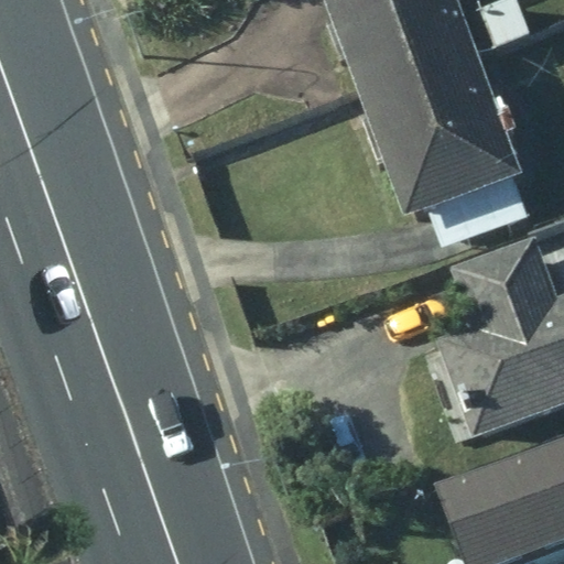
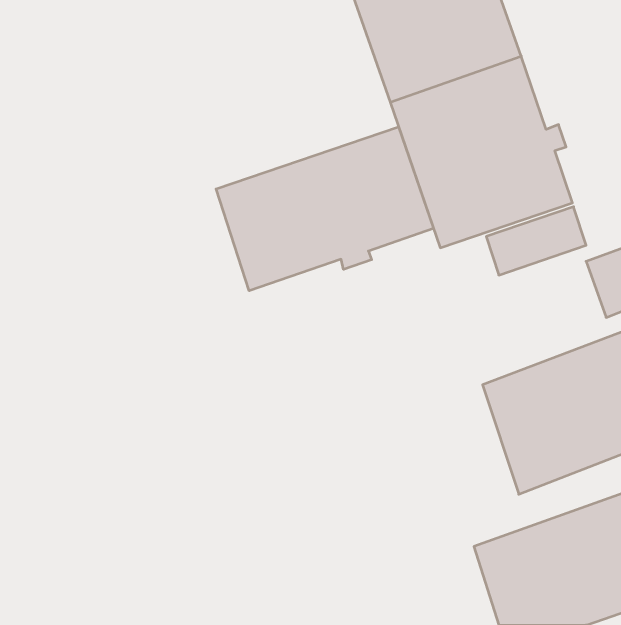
building: none -> [216,127,434,291]

